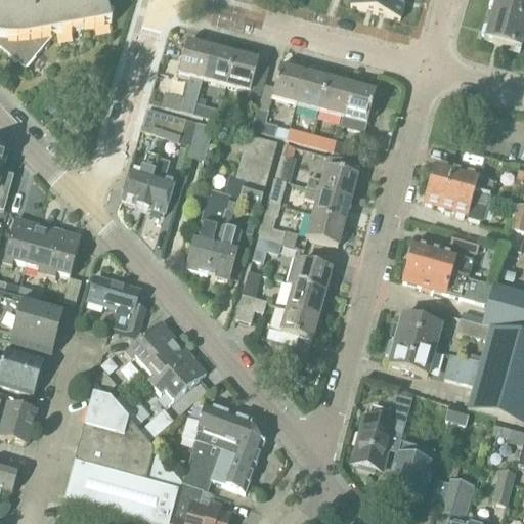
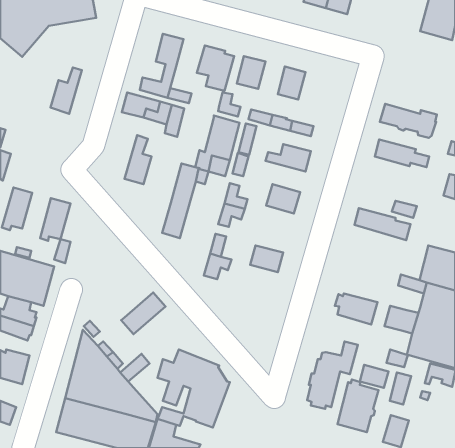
building: [203,45,235,84] -> none
building: [297,71,328,108] -> none
building: [340,83,381,131] -> none
building: [122,152,158,206] -> [51,68,82,114]
building: [425,180,490,219] -> [380,104,437,138]
building: [303,185,351,221] -> none
building: [26,222,58,274] -> none
building: [207,228,238,280] -> none
building: [294,259,332,291] -> none
building: [402,259,492,303] -> none
building: [87,274,145,334] -> none
building: [280,305,319,339] -> none
building: [390,313,441,348] -> none
building: [125,319,176,365] -> none
building: [154,353,206,399] -> none
building: none -> [360,365,388,388]
building: [490,468,515,505] -> [390,373,411,405]

